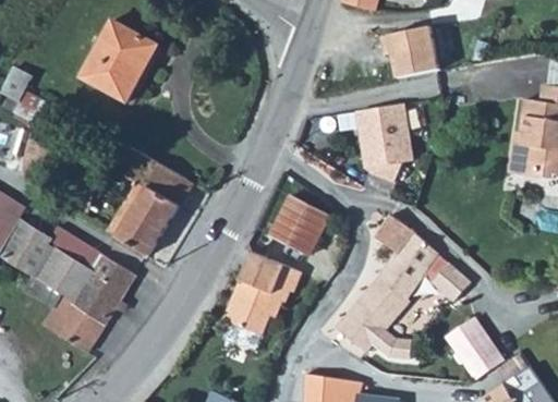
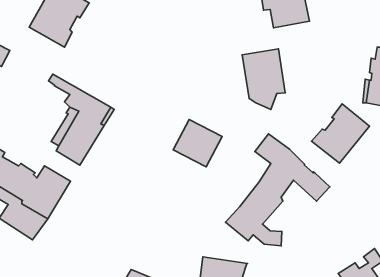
building: none -> [311,104,369,163]
building: [222,252,302,334] -> none
building: [447,318,507,380] -> none

